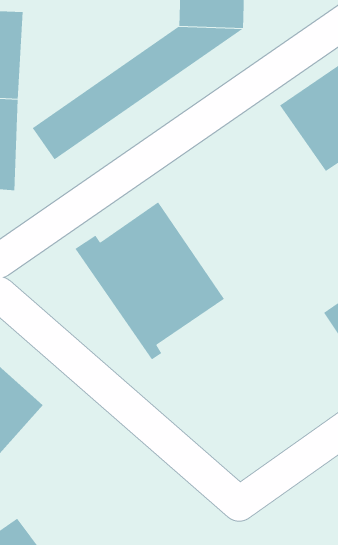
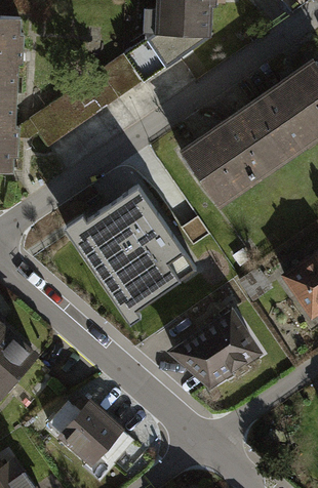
building: none -> [177,100,283,203]
building: none -> [165,303,263,387]
building: none -> [56,397,133,469]

